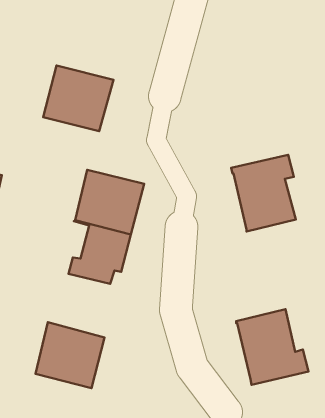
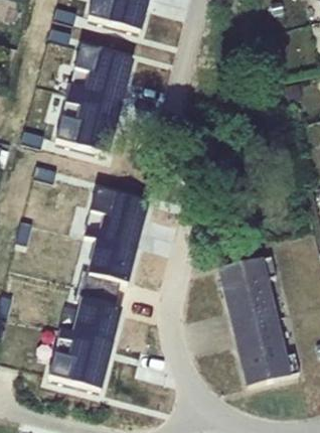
building: none -> [67,43,132,104]
building: [231,155,296,232] -> [218,255,278,325]
building: none -> [59,282,120,340]

